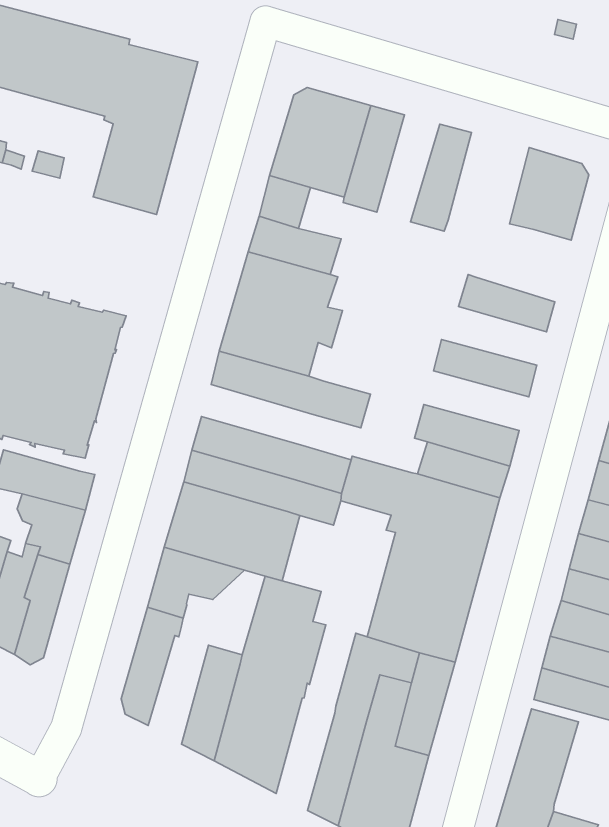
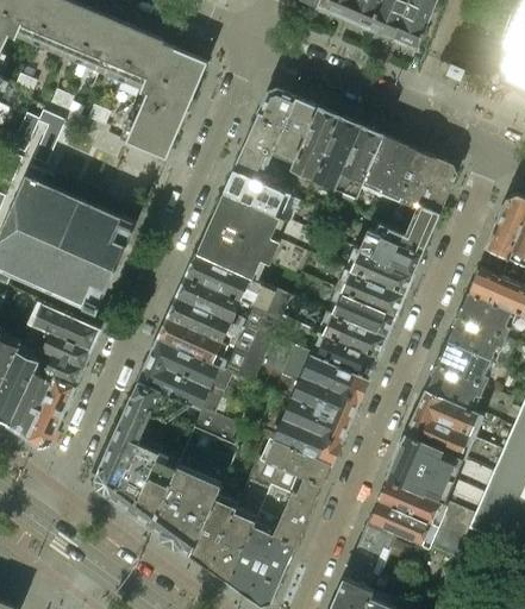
building: none -> [312,117,362,188]
building: none -> [358,134,419,200]
building: none -> [371,205,438,255]
building: none -> [343,247,413,295]
building: none -> [325,289,395,337]
building: none -> [176,277,281,340]
building: none -> [112,435,162,513]
building: none -> [190,494,238,569]

